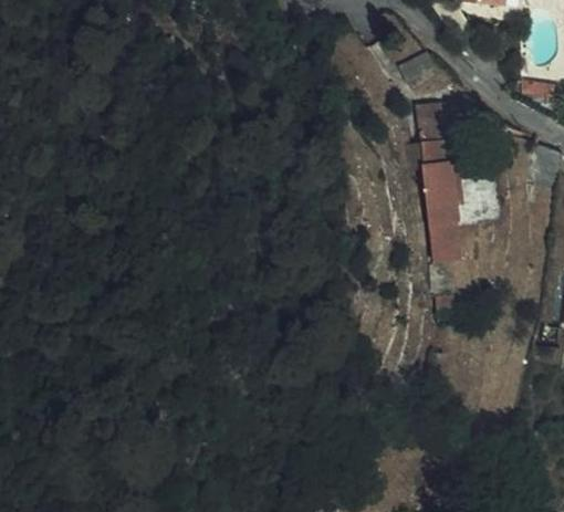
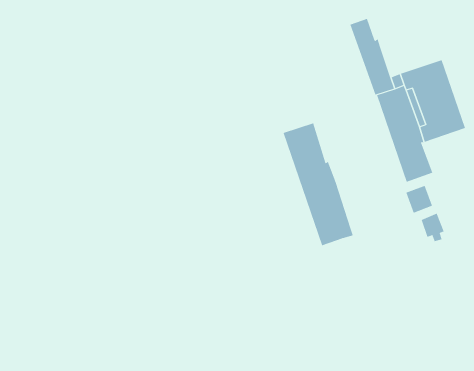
building: none -> [283,123,353,246]

